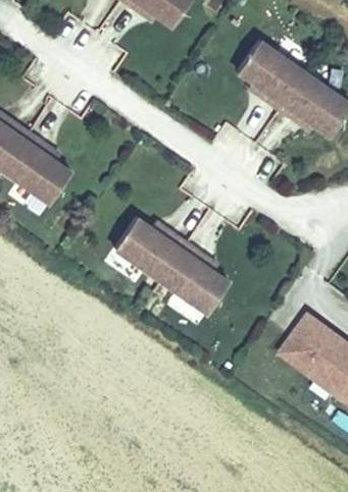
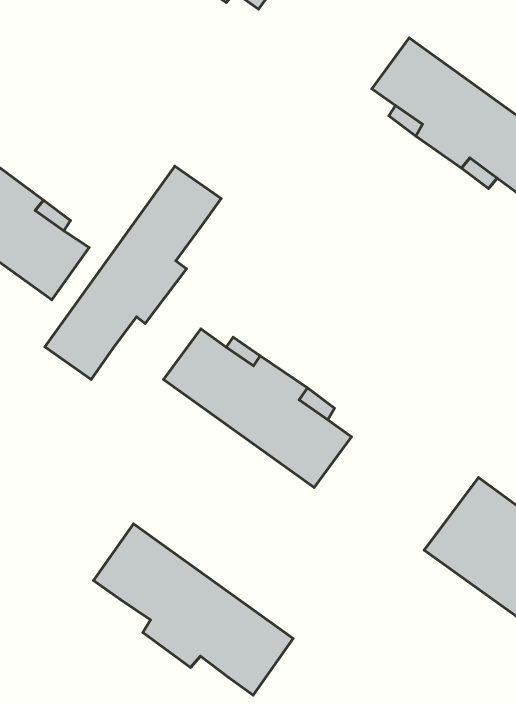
building: none -> [45,166,221,379]
building: none -> [94,524,293,695]

